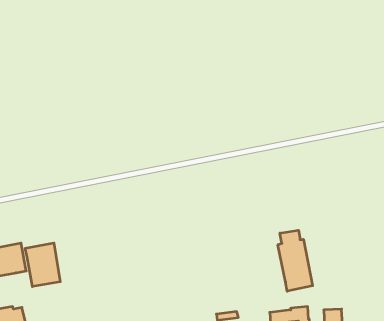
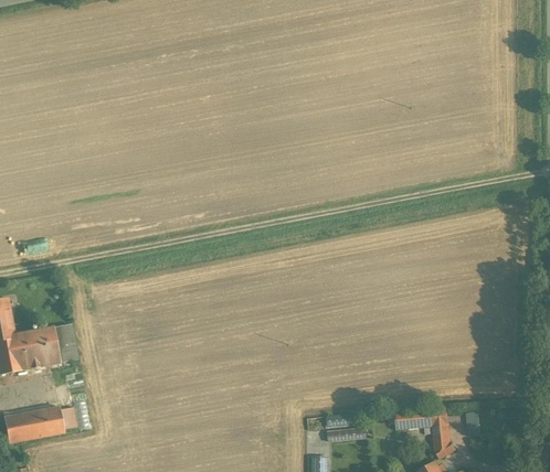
building: [278,230,313,291] -> none
building: [25,243,60,287] -> none

